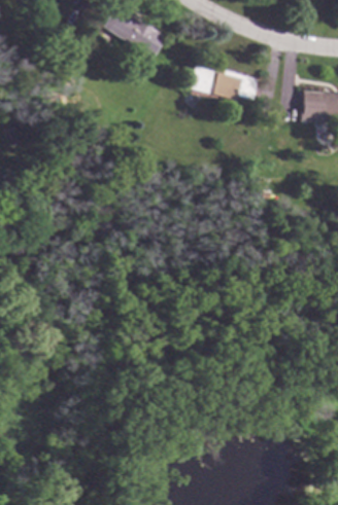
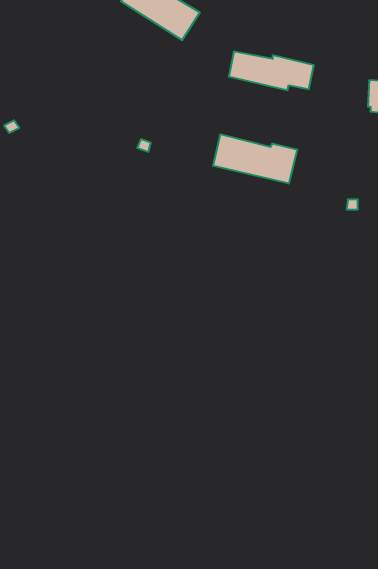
building: none -> [213,134,297,184]

